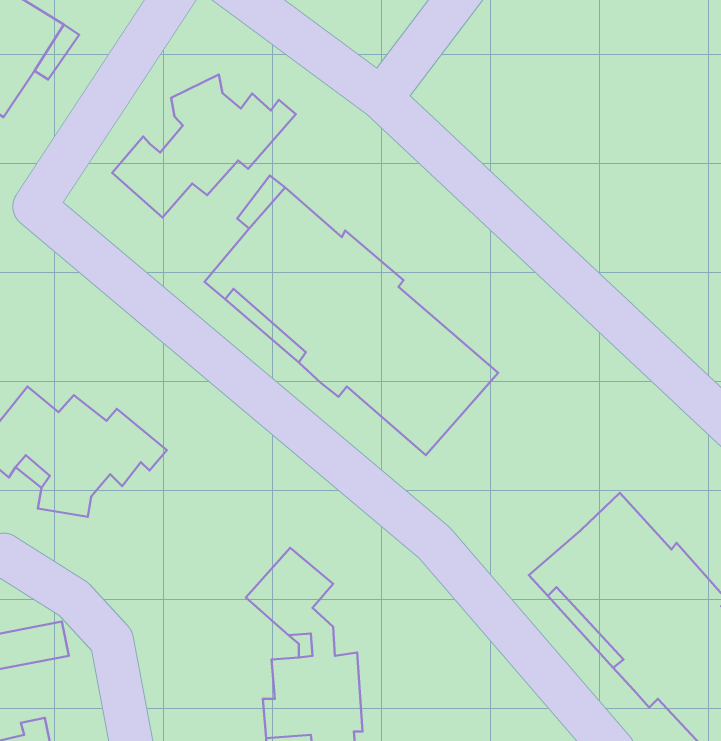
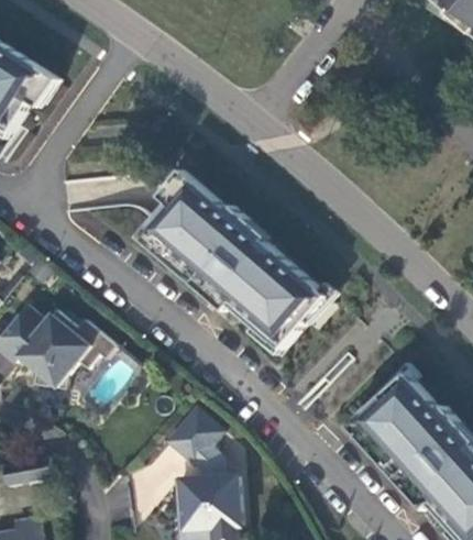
building: [112,74,296,218] -> none

